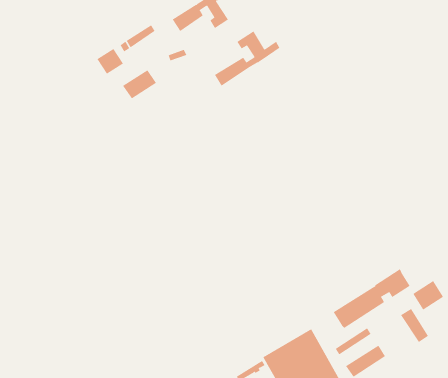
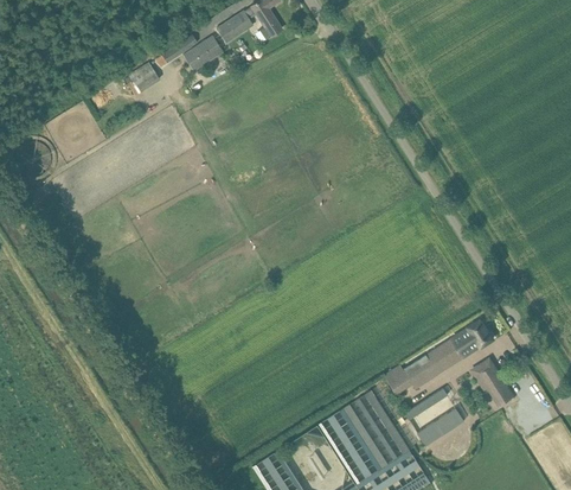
building: [214,31,280,86] -> none
building: [122,70,157,99] -> [181,36,222,70]
building: [413,280,444,310] -> none

